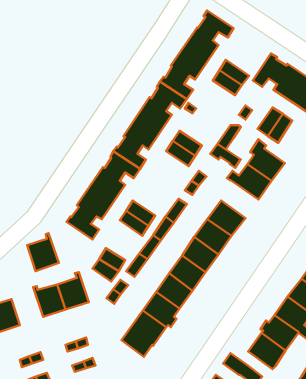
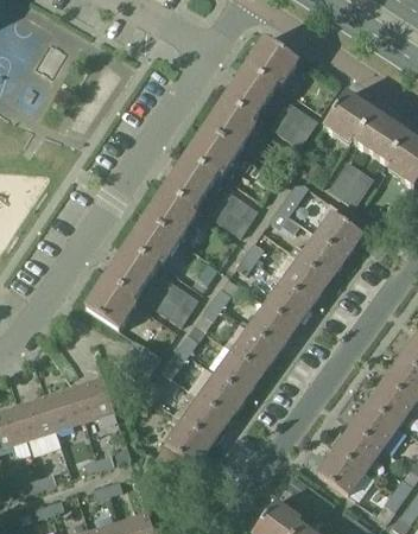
building: none -> [272,250,331,303]
building: [27,233,59,271] -> [17,390,57,439]

